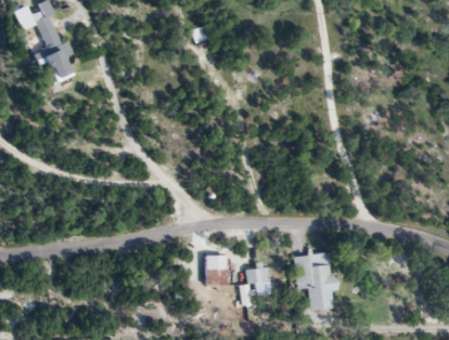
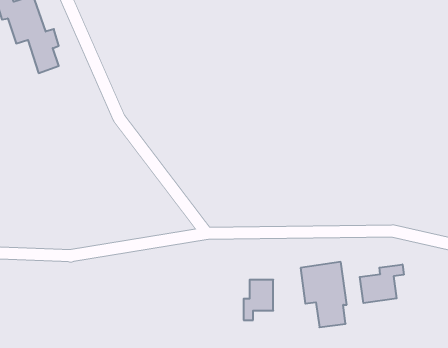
building: none -> [360,264,404,303]
building: [206,254,227,285] -> none

